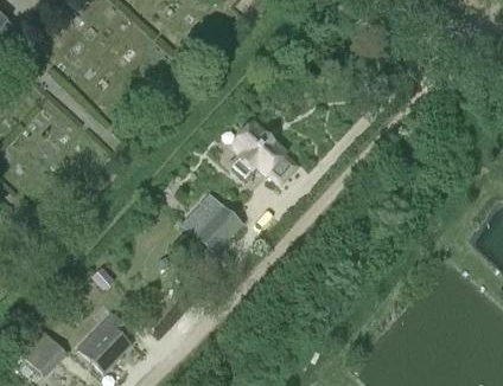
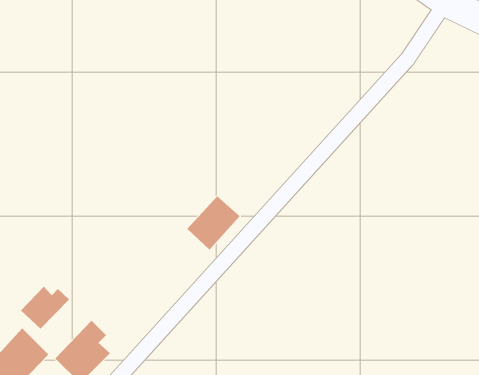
building: [233,120,297,180] -> none
building: none -> [20,286,70,330]

